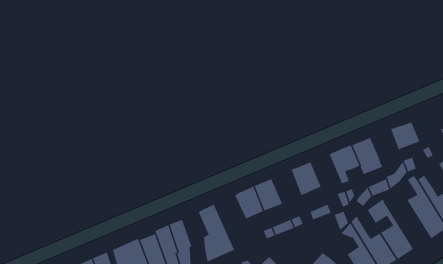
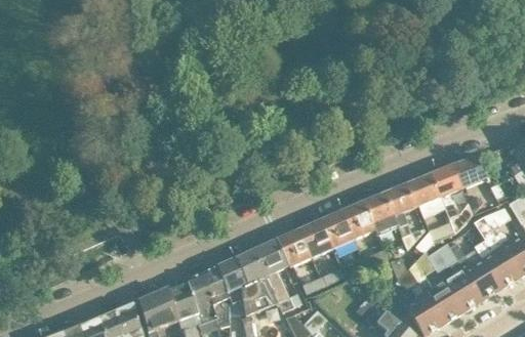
building: none -> [432,164,463,203]
building: none -> [364,193,399,235]
building: none -> [320,210,353,249]
building: none -> [254,239,301,310]
building: none -> [448,242,500,300]
building: none -> [218,258,247,304]

